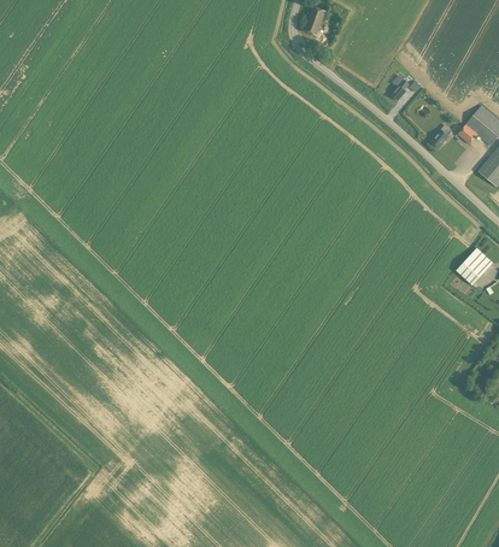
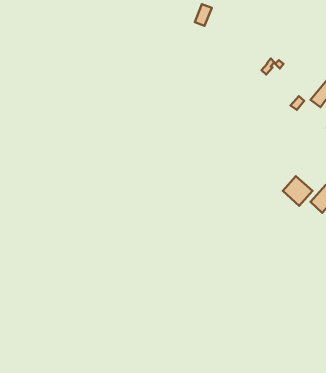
building: none -> [283,176,312,206]

